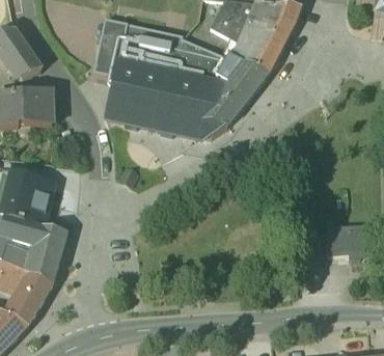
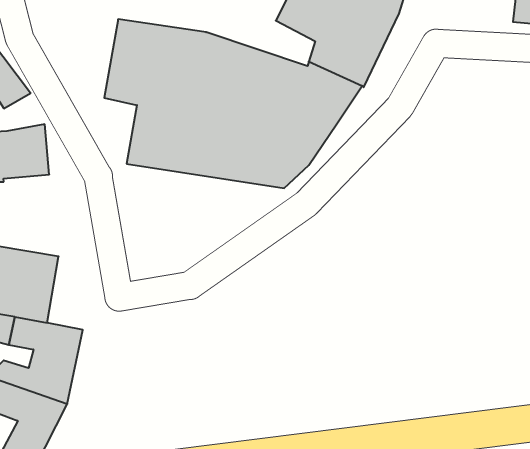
building: [326,223,364,257] -> none

